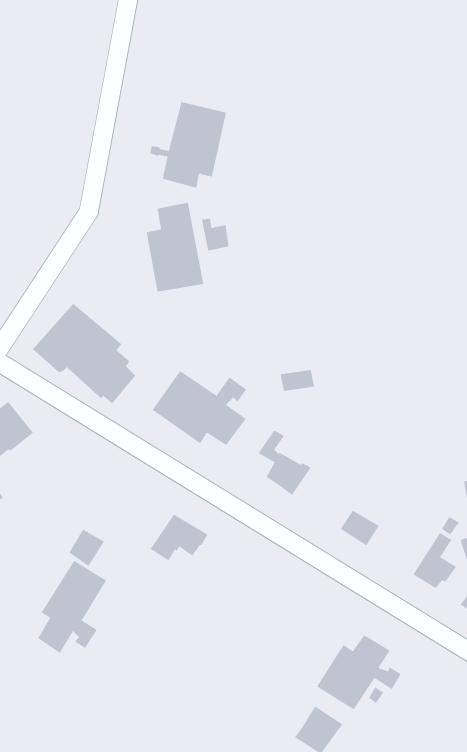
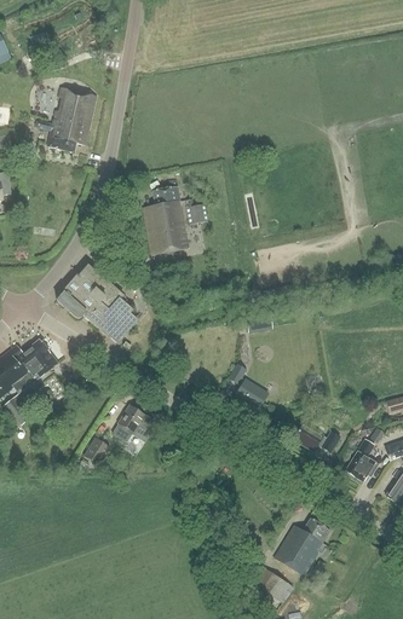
building: [149,102,227,188] -> [38,88,97,155]
building: [152,370,247,446] -> none
building: [150,514,208,561] -> [111,405,156,441]
building: [37,560,107,654] -> none

